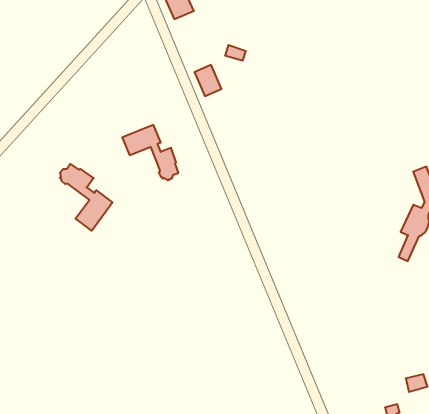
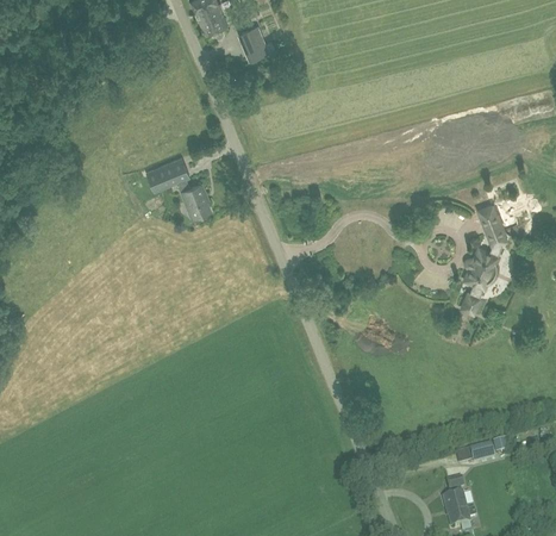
building: [194,65,221,96] -> [238,24,269,60]
building: [60,164,112,231] -> none

